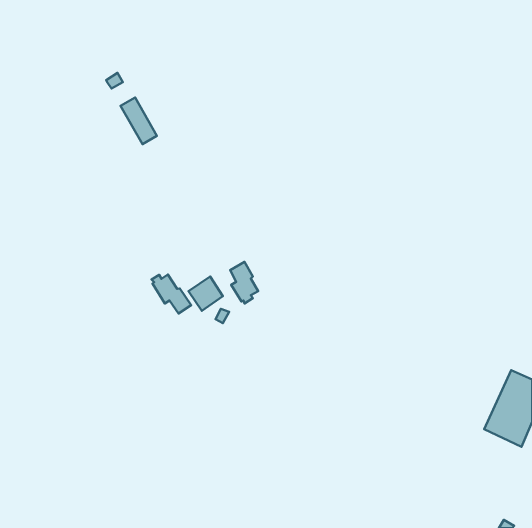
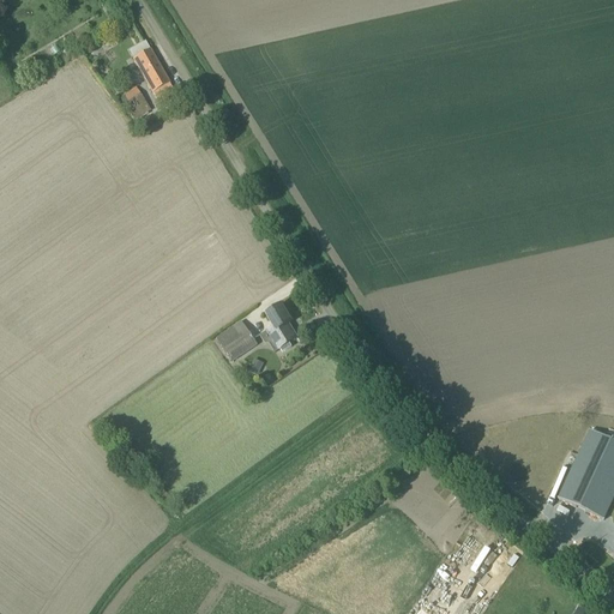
building: [120,97,157,144] -> [133,47,175,101]
building: [151,275,191,313] -> none

